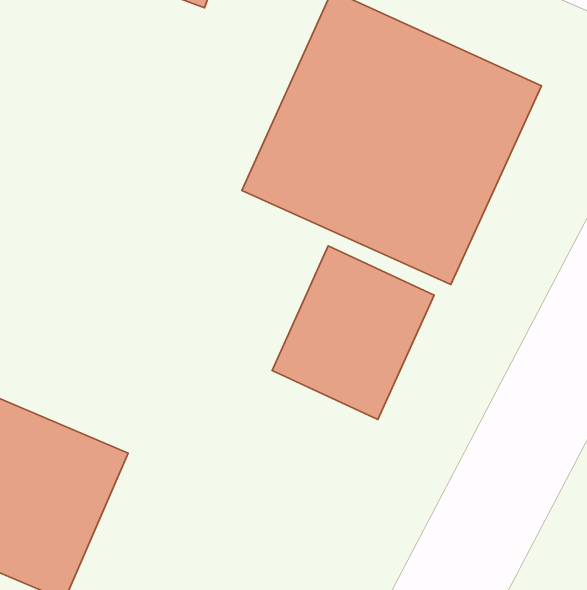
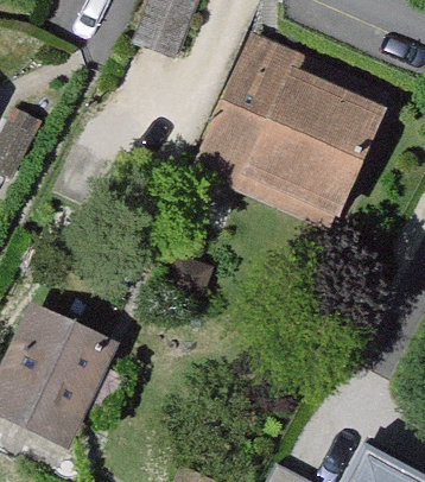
building: [272,246,434,419] -> none

